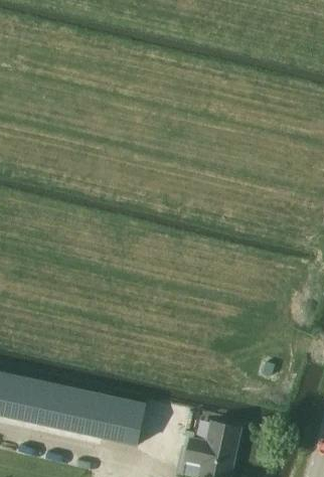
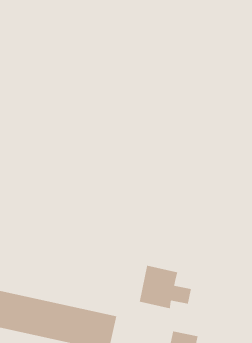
building: none -> [139,265,192,309]

